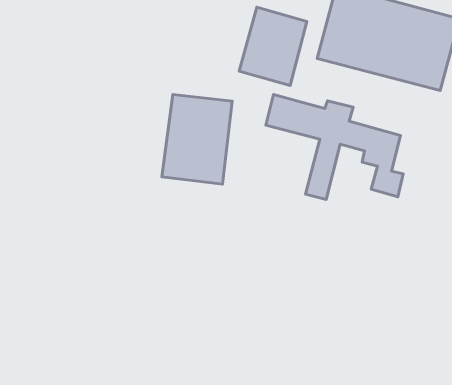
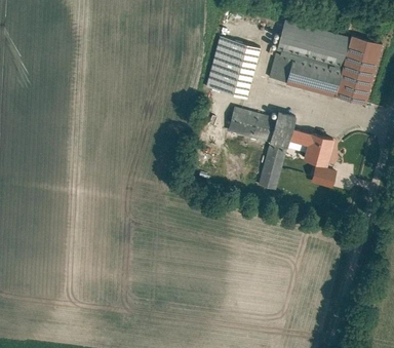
building: [162,94,232,184] -> none

